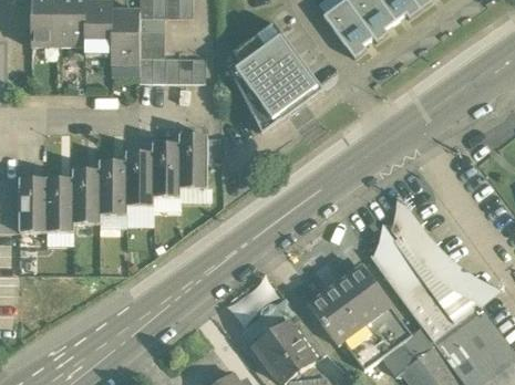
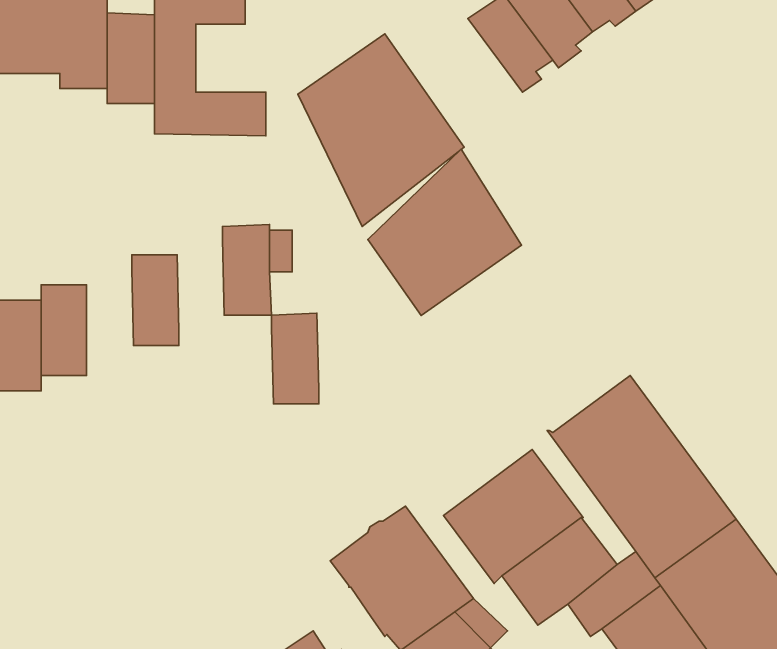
building: none -> [368,149,521,315]
building: [152,143,179,196] -> [271,313,319,404]
building: [99,160,126,214] -> none

